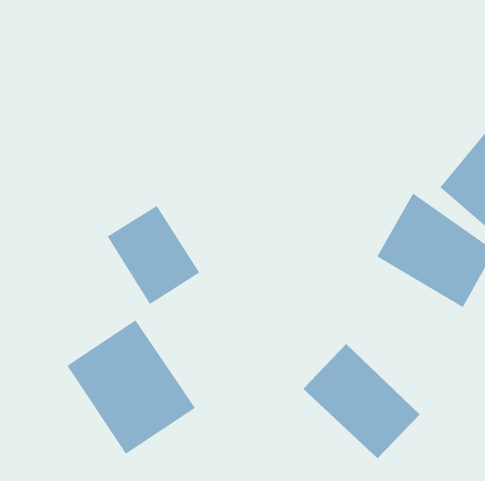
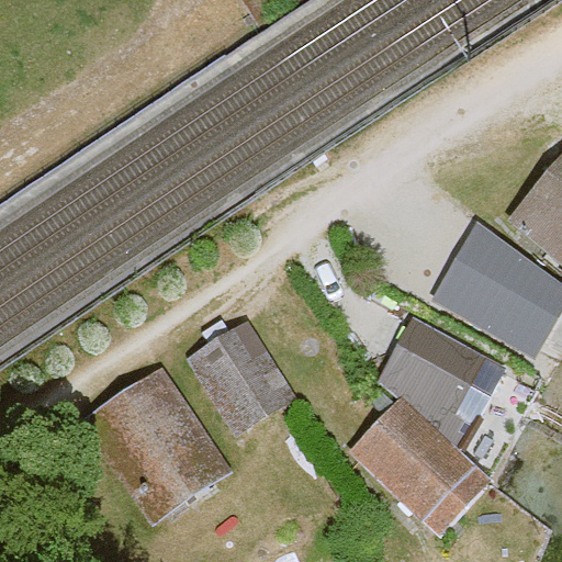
building: [107,205,200,305] -> [188,319,295,435]
building: none -> [392,319,505,445]

